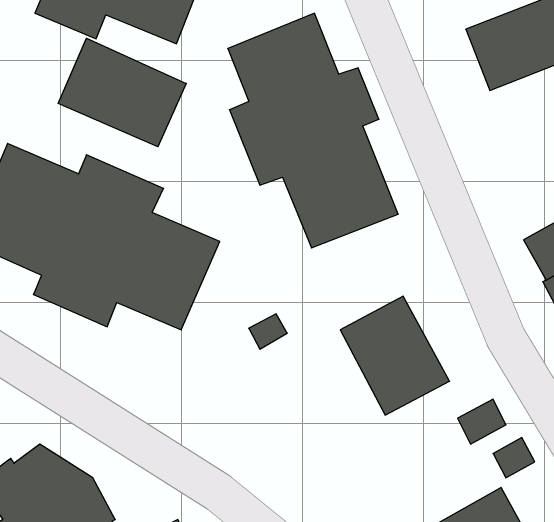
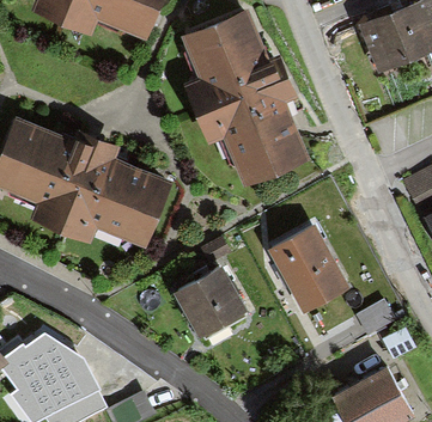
building: [58,38,186,147] -> none
building: none -> [172,267,248,341]

